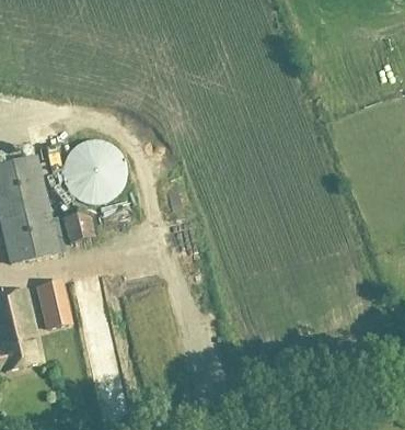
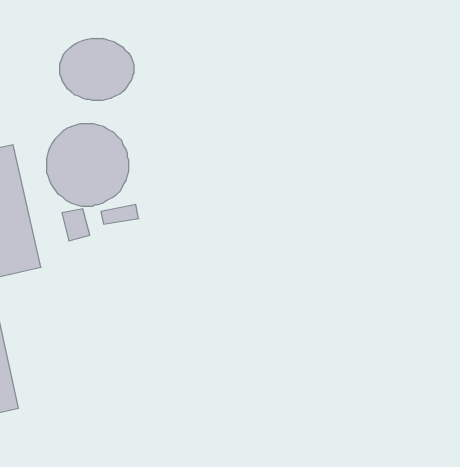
building: none -> [60,38,134,100]
building: [38,282,68,330] -> none

